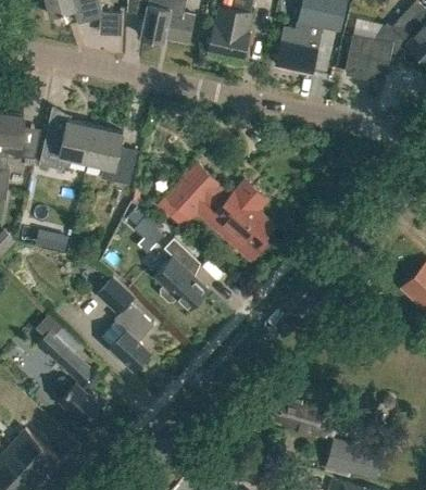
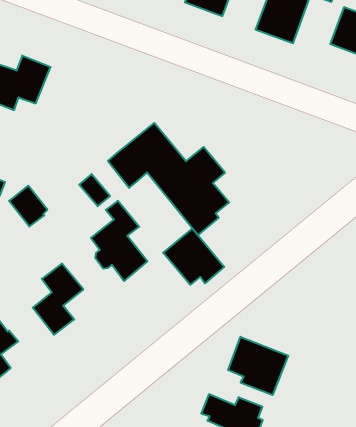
building: [87,127,137,185] -> none
building: none -> [163,228,224,285]
building: [98,278,134,315] -> [9,186,47,227]
building: none -> [228,337,288,395]

